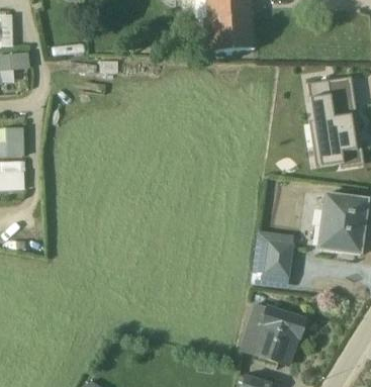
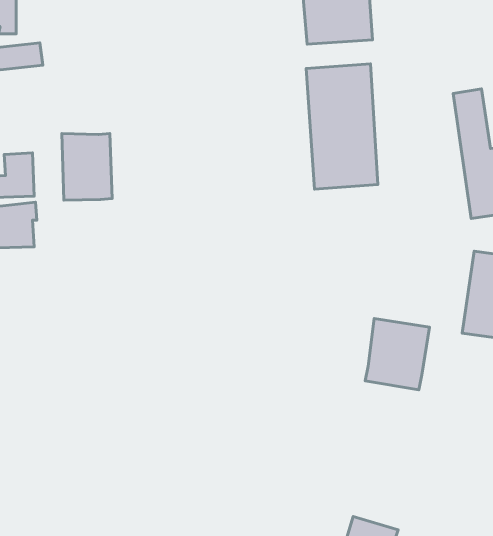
building: none -> [306,64,378,189]
building: none -> [62,134,112,200]
building: [241,303,305,365] -> none

